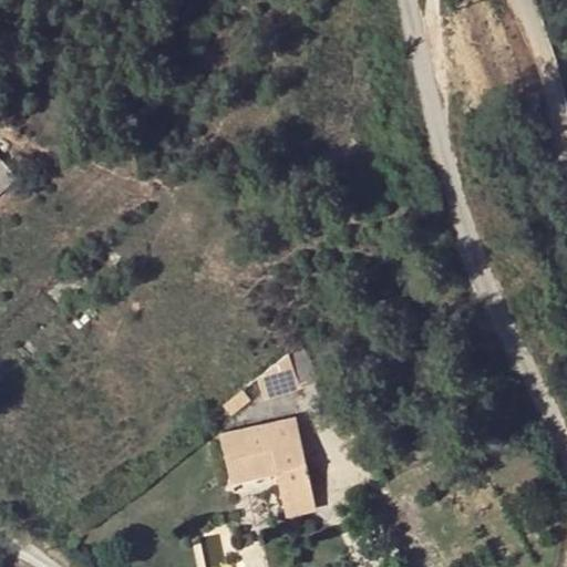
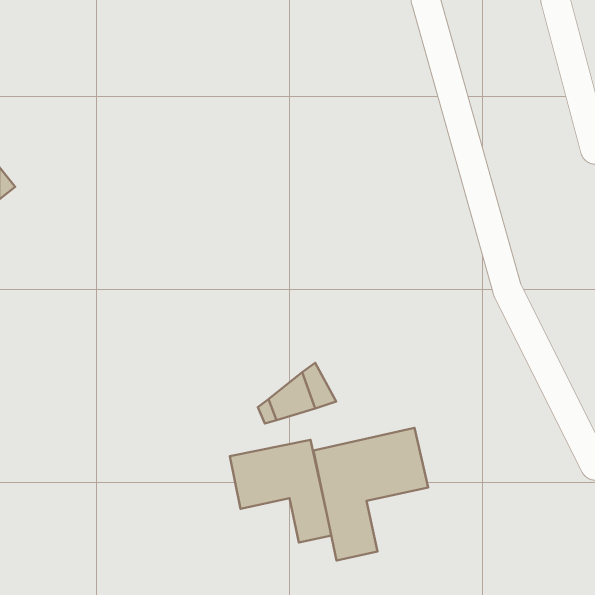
building: none -> [314,428,428,560]

